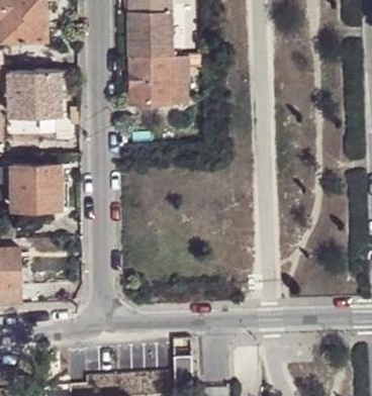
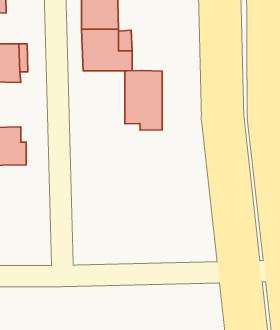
building: none -> [125,71,162,130]

